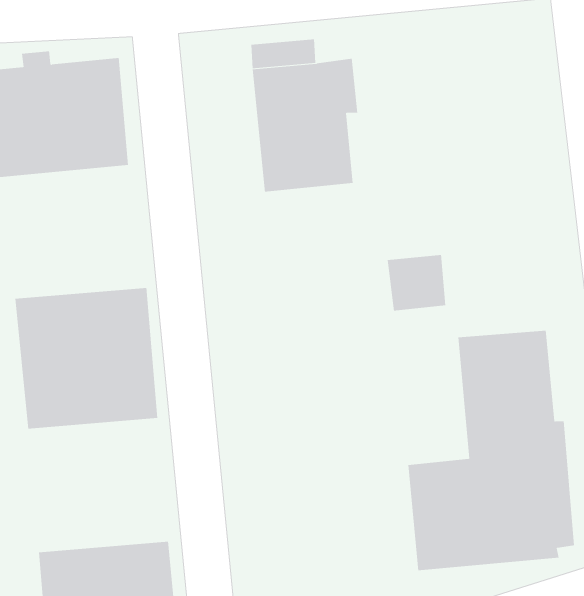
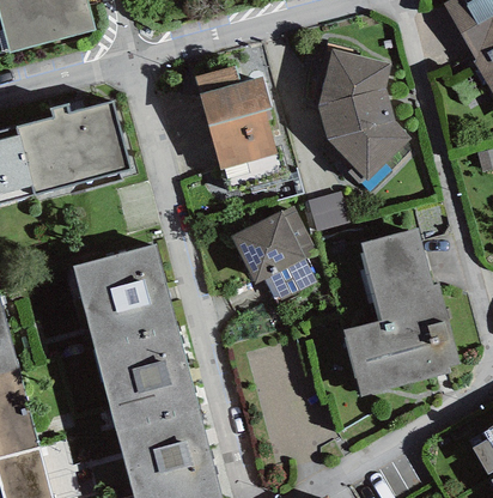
building: none -> [318,49,410,184]
building: none -> [230,205,317,303]
building: none -> [95,328,197,427]

